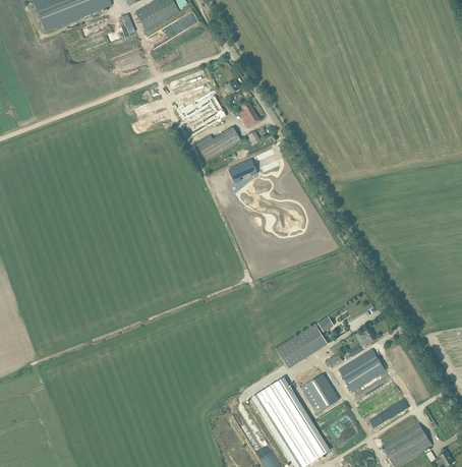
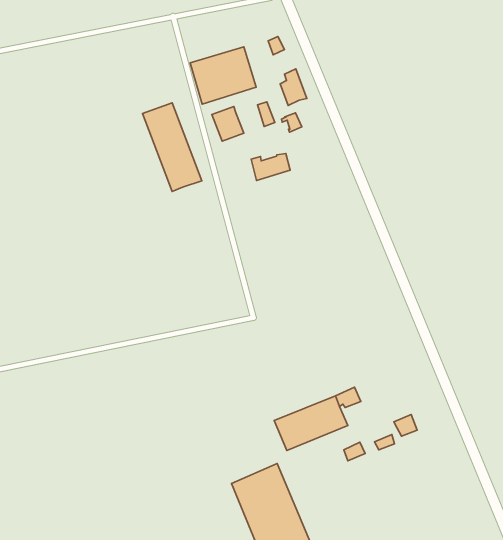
building: none -> [143,103,202,192]
building: [338,348,386,391] -> none
building: [300,372,338,412] -> none

